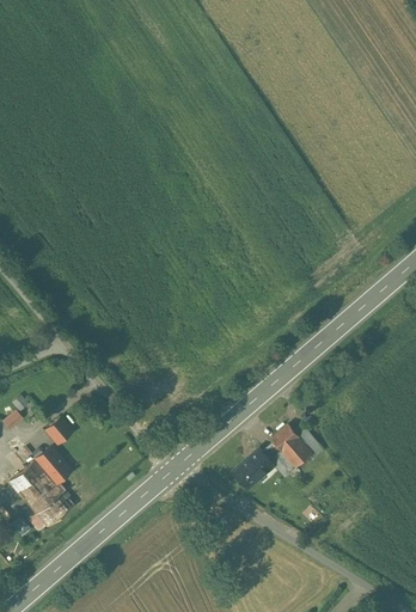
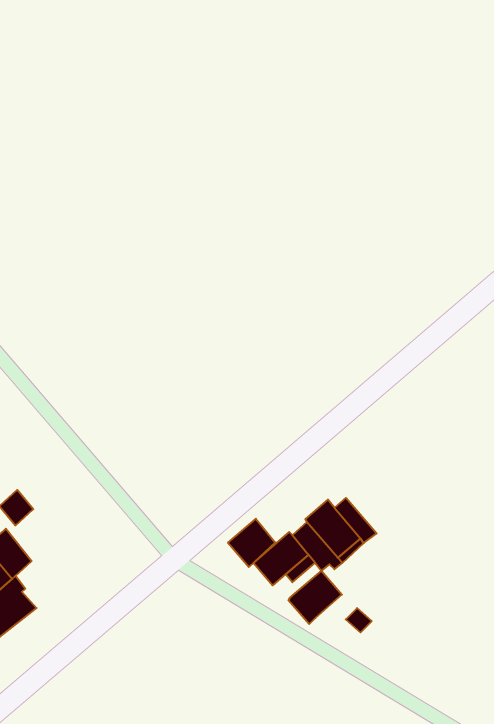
building: none -> [228,519,275,567]
building: none -> [289,571,342,624]

